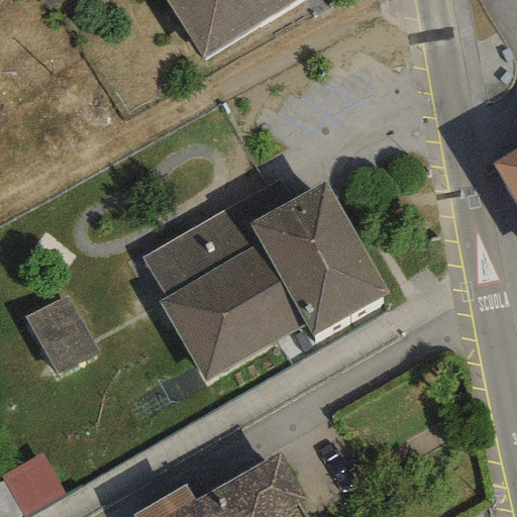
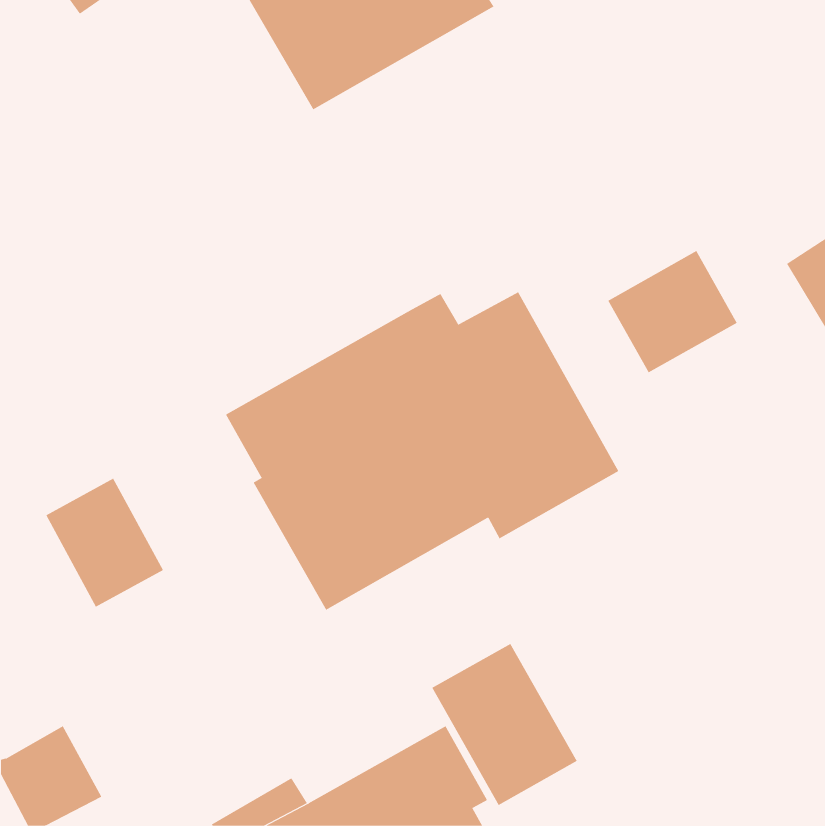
building: none -> [608,250,737,373]
building: none -> [431,643,578,806]

